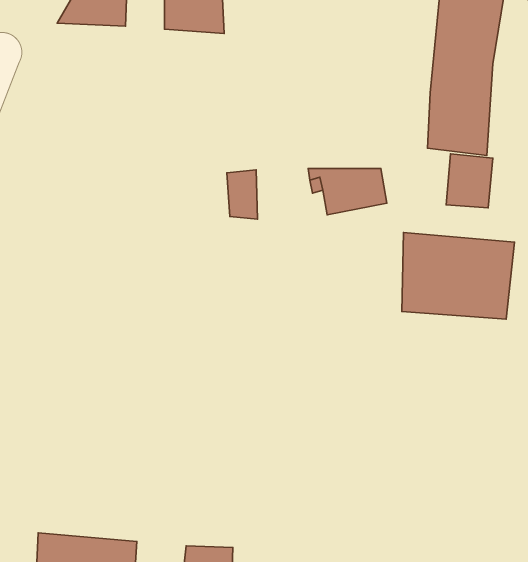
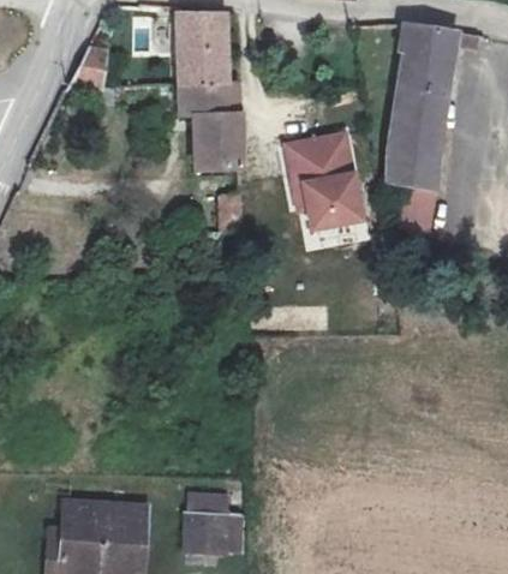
building: none -> [173,79,246,171]
building: none -> [282,138,352,195]
building: [402,233,514,319] -> none

